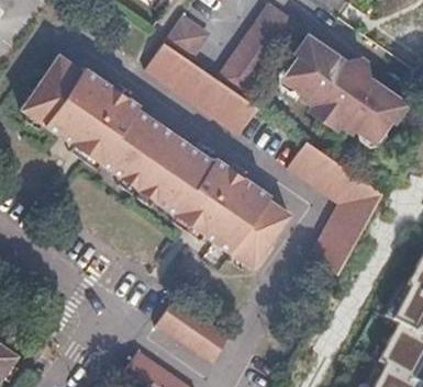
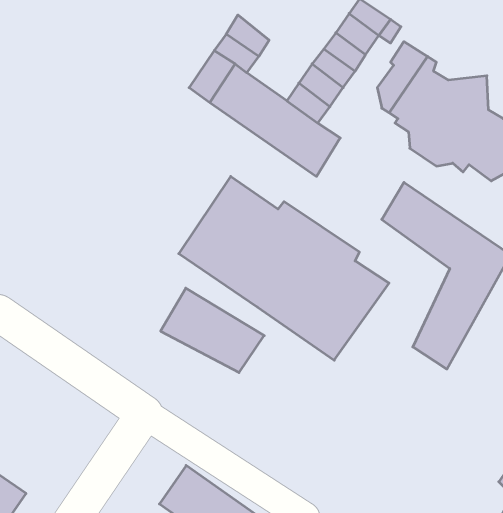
building: [18,55,176,191] -> none
building: [158,297,235,360] -> [161,288,264,373]

